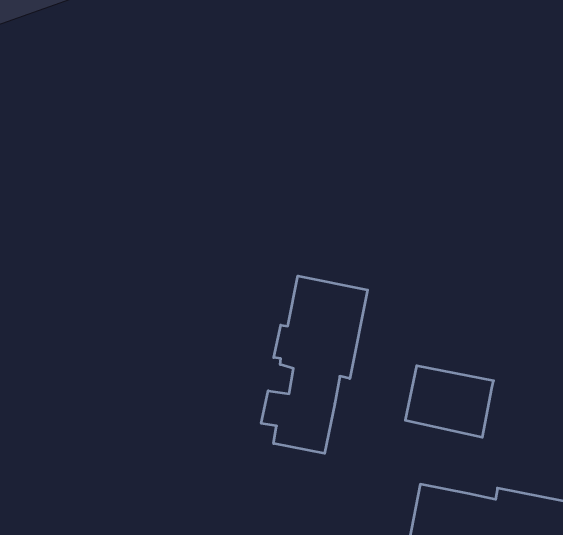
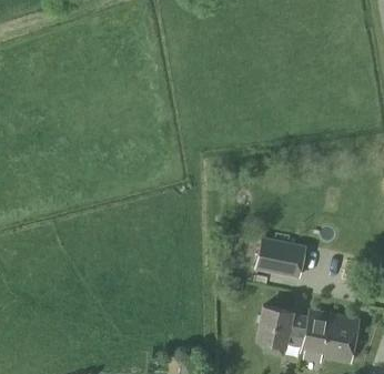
building: [261,276,368,453] -> none

